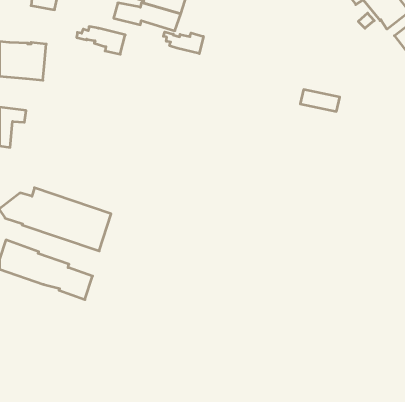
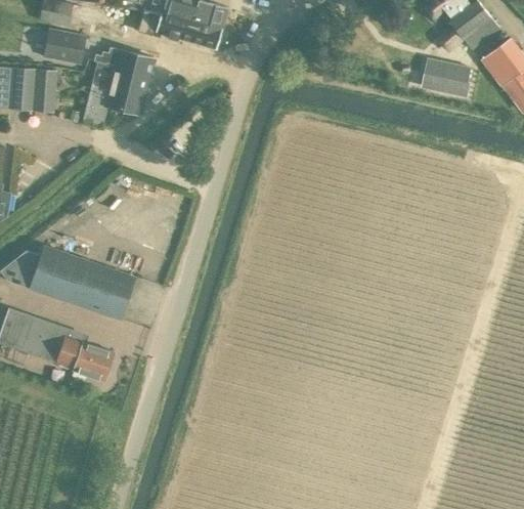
building: none -> [42,28,87,66]
building: [163,32,203,54] -> none
building: none -> [85,68,147,122]
building: [300,90,340,111] -> [424,57,472,84]

